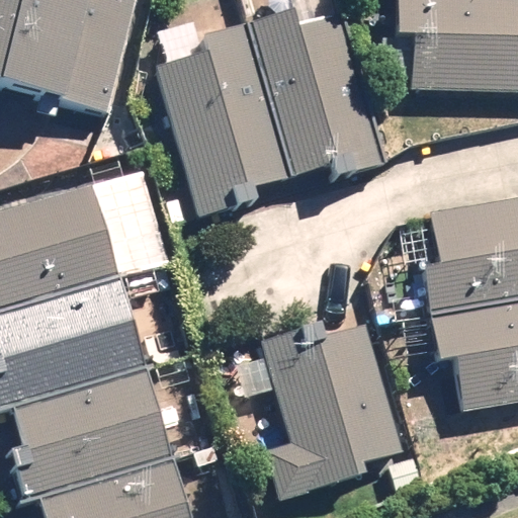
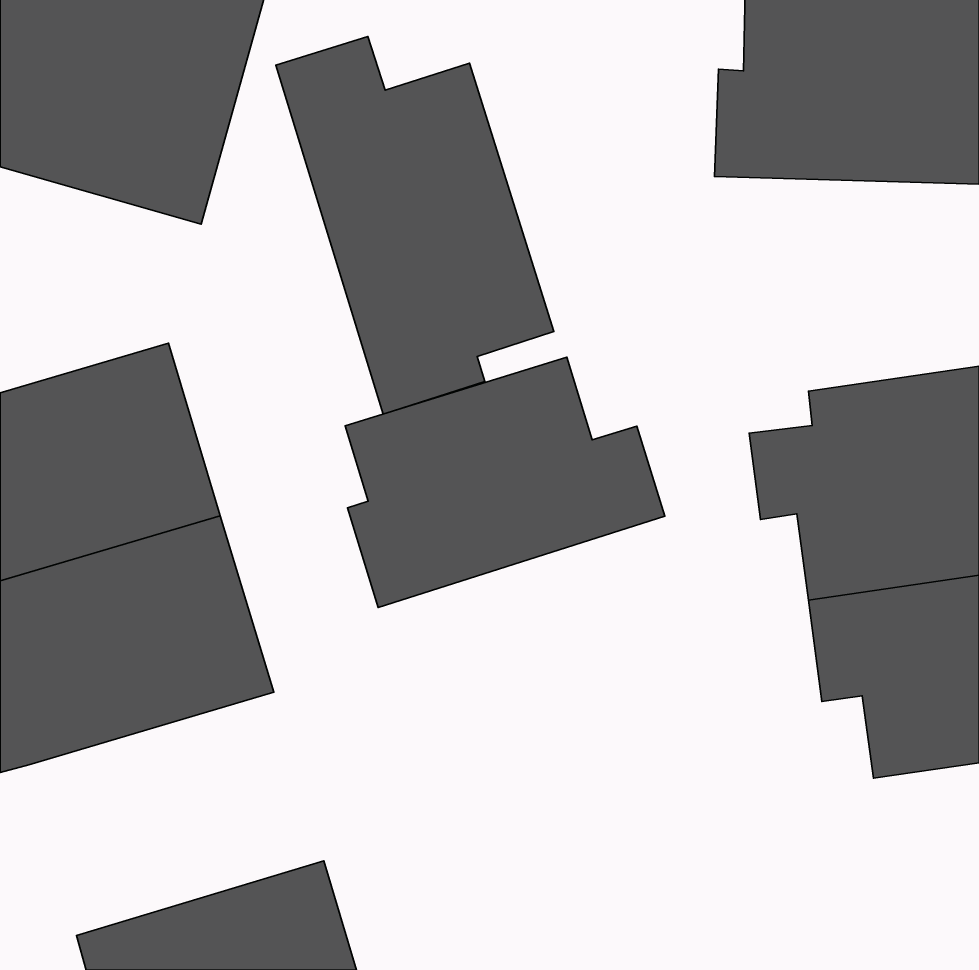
building: [248,7,381,178] -> none
building: none -> [345,357,665,608]
building: [259,313,404,493] -> none
building: [15,365,171,498] -> none

